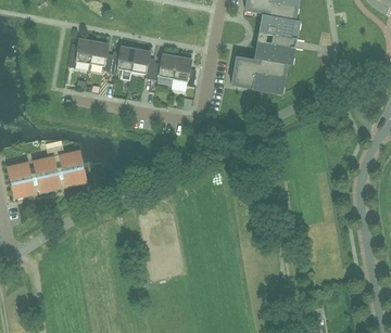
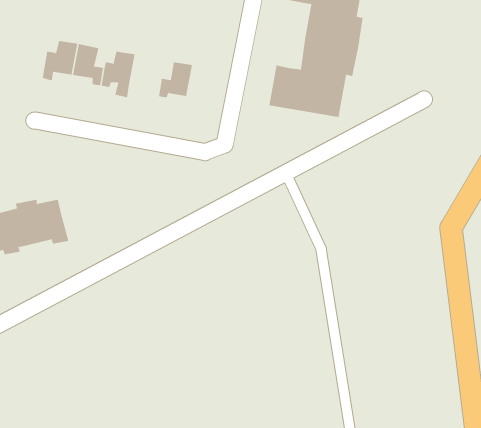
building: [130,48,154,78] -> none
building: [172,55,195,86] -> none

